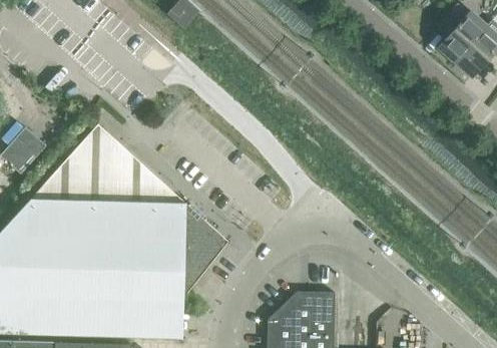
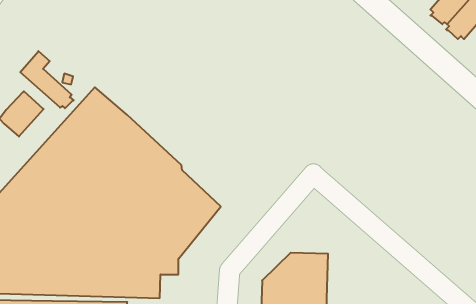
building: none -> [20,51,74,108]

